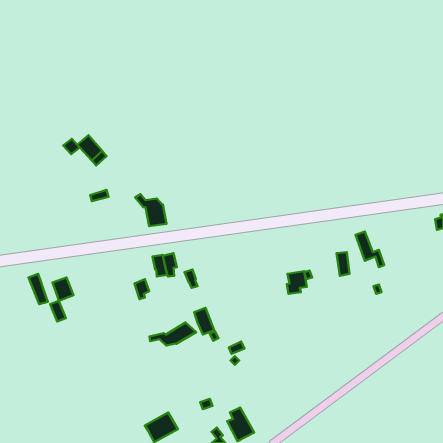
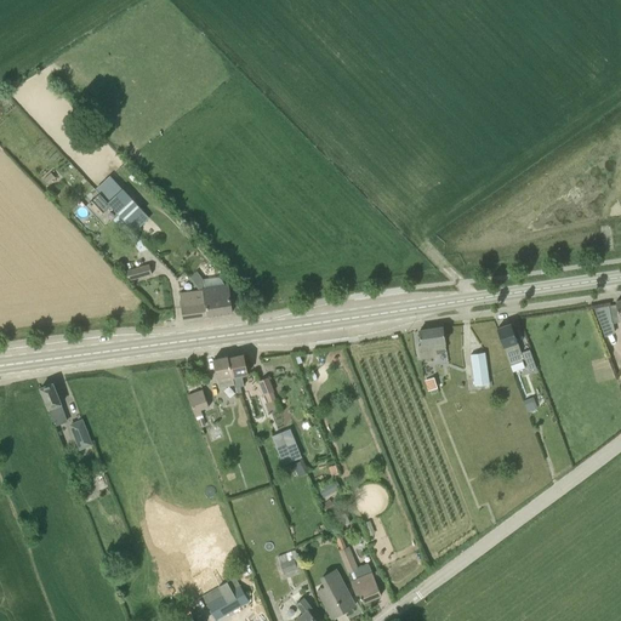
building: none -> [181,290,209,319]
building: [287,271,307,294] -> [418,327,446,359]
building: [53,277,73,301] -> none
building: [149,323,196,346] -> none
building: none -> [340,548,381,603]

